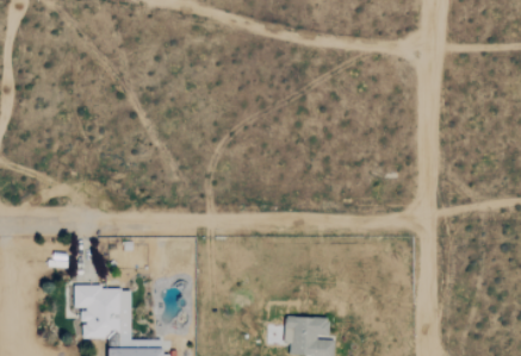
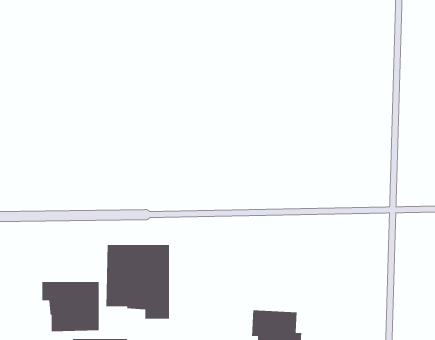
building: none -> [105,244,170,320]

